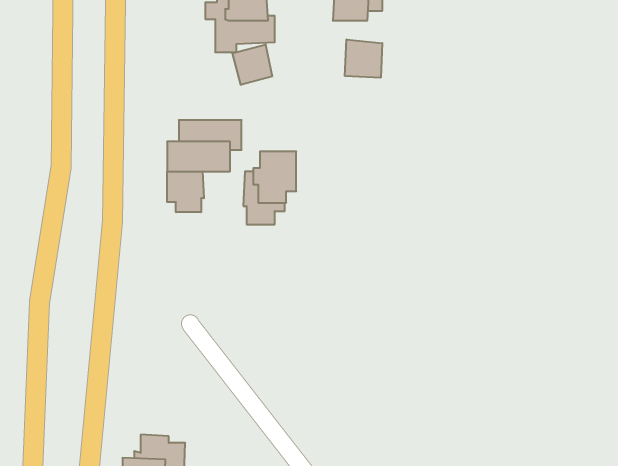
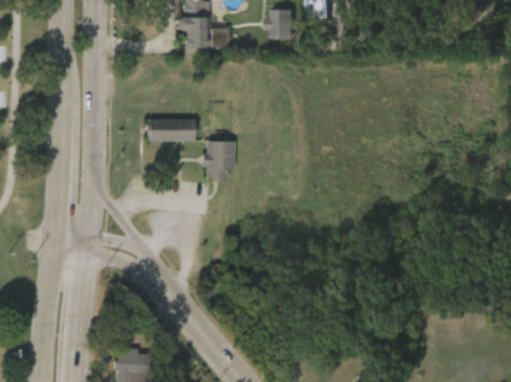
building: [345,39,382,78] -> none
building: [233,44,272,85] -> none
building: [167,171,204,212] -> none

